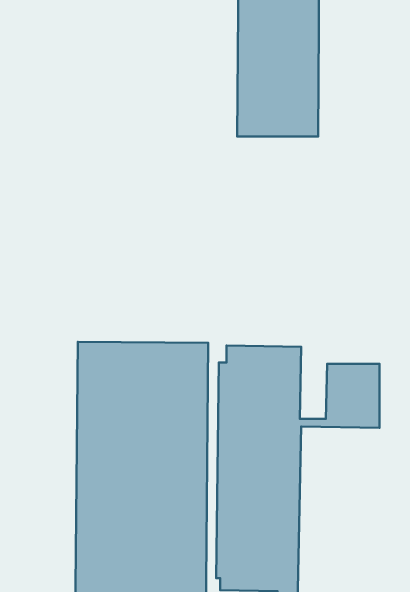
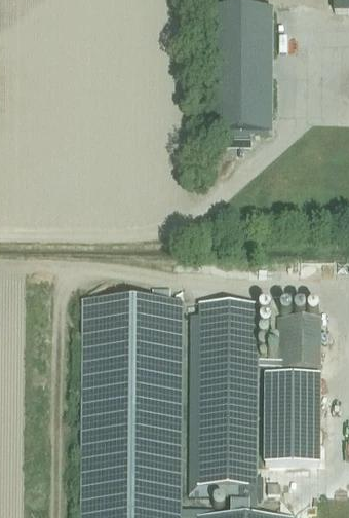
building: none -> [265,371,320,461]

